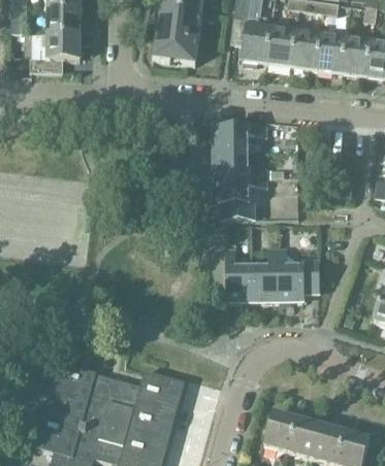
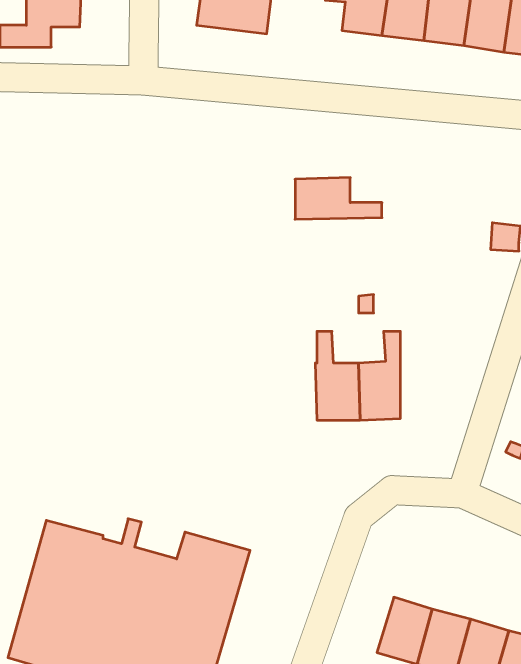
building: [213,125,265,152] -> none
building: [213,175,266,218] -> none
building: [278,245,319,299] -> none

